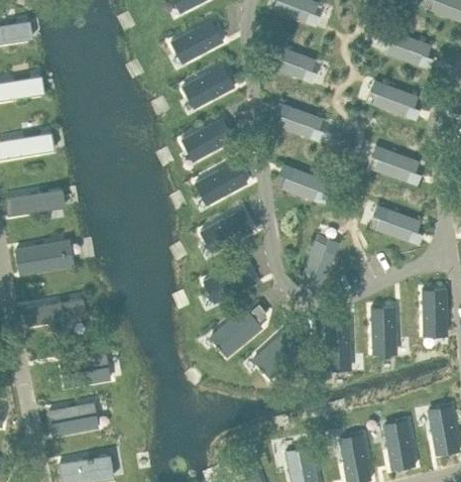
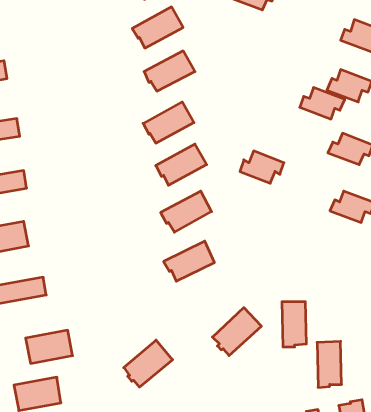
building: [270,46,317,80] -> none
building: [278,106,325,138] -> [300,88,345,119]
building: [304,239,336,285] -> none
building: [212,307,262,355] -> [124,340,173,387]
building: [371,307,396,354] -> [317,341,342,387]

